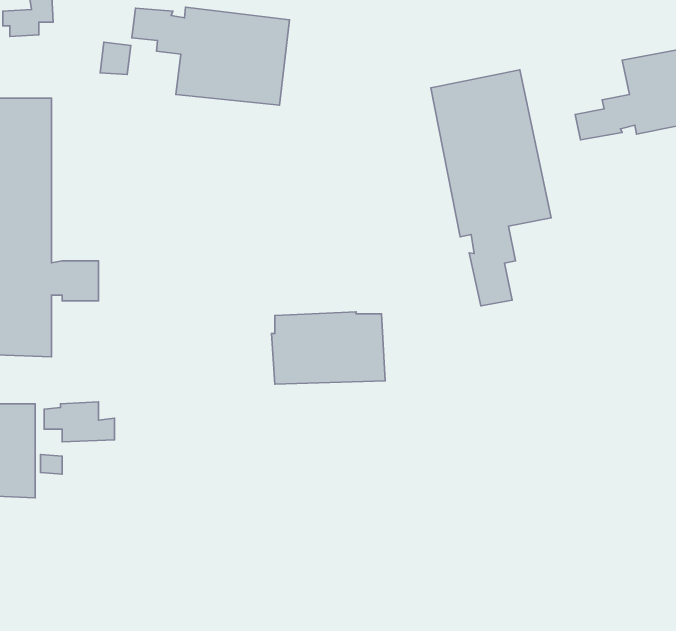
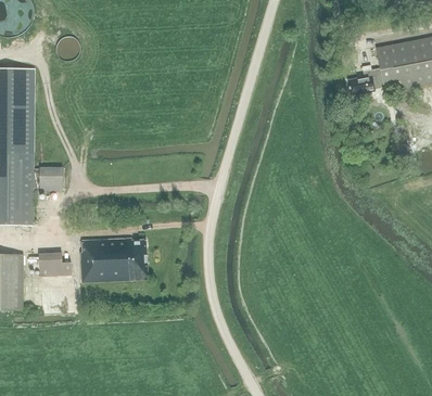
building: [132,7,290,105] -> none
building: [431,70,551,306] -> none
building: [271,312,385,384] -> [78,238,147,281]

